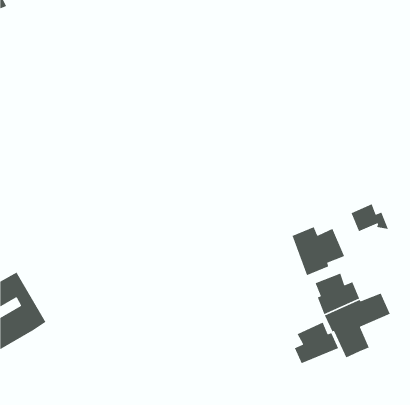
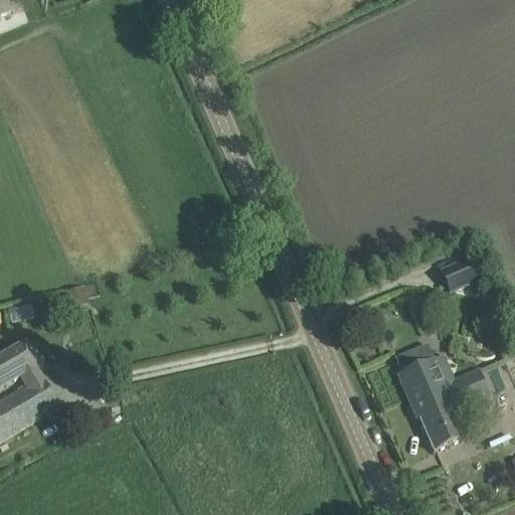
building: [291,226,345,276] -> none
building: [294,321,339,364] -> none

